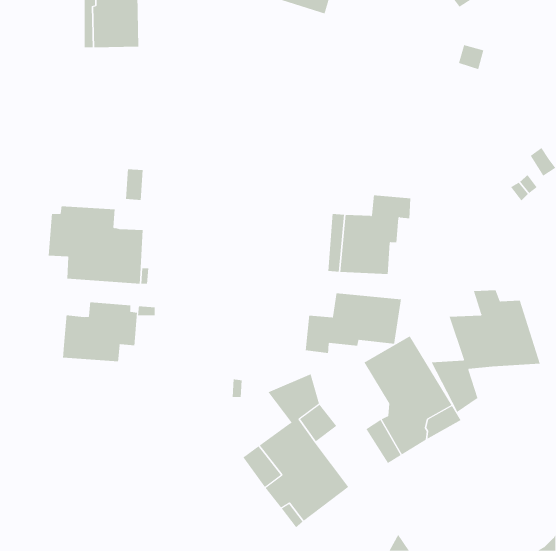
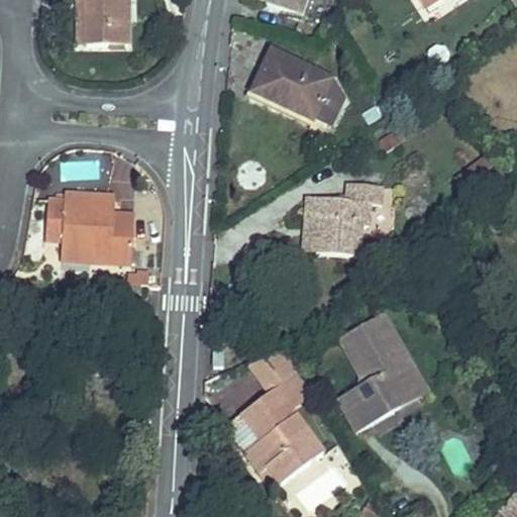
building: none -> [250,45,336,121]
building: [431,290,540,413] -> none
building: [305,293,402,354] -> none
building: [62,301,137,362] -> none

